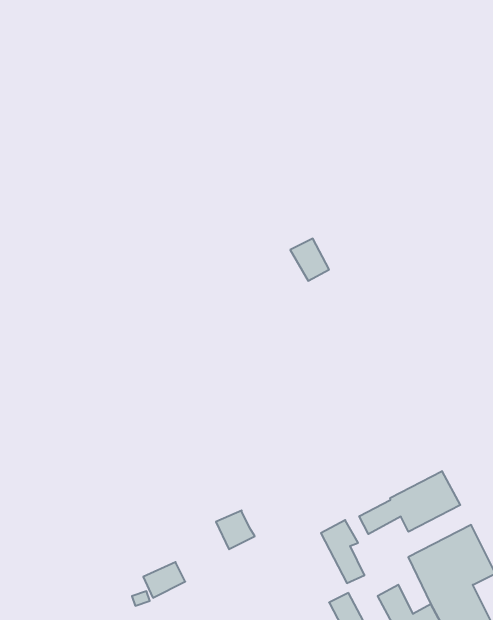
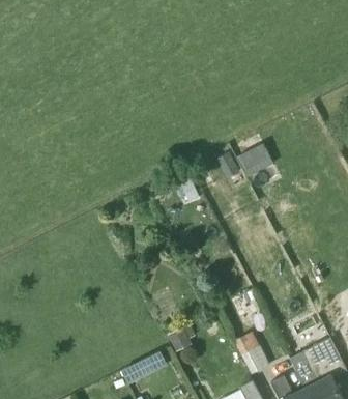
building: none -> [238,146,273,178]
building: [359,471,460,534] -> none

